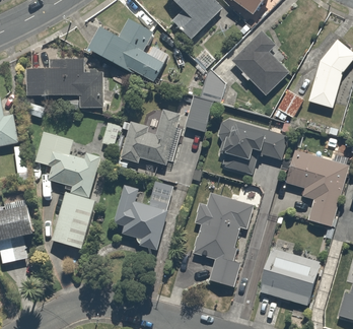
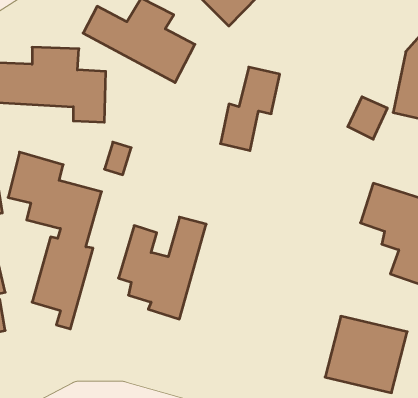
building: [232,32,288,94] -> none
building: [123,111,179,165] -> none
building: [218,119,290,174] -> none
building: [191,193,255,288] -> none

